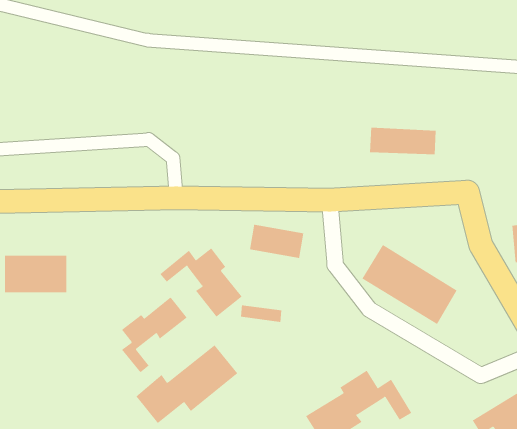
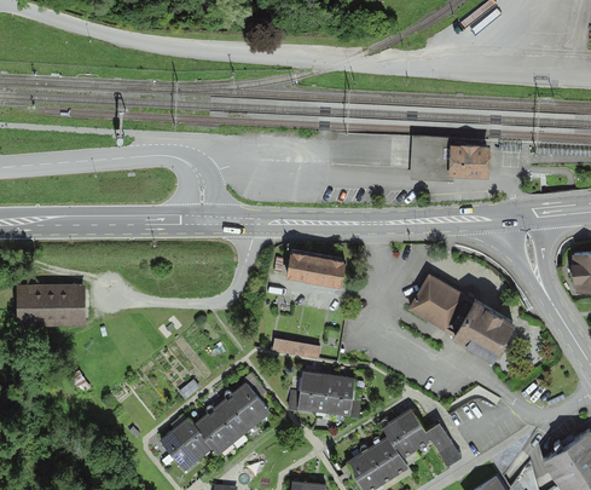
building: [159,247,242,317] -> none
building: [121,297,187,373] -> none
building: none -> [300,374,354,415]

